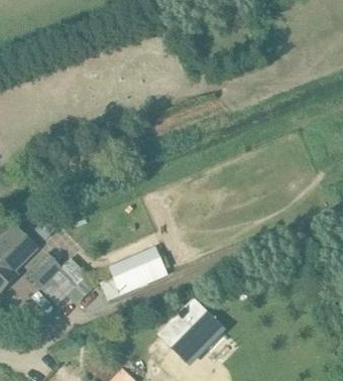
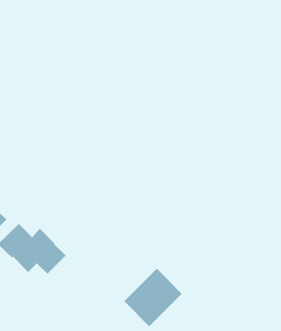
building: [100,246,167,300] -> none

